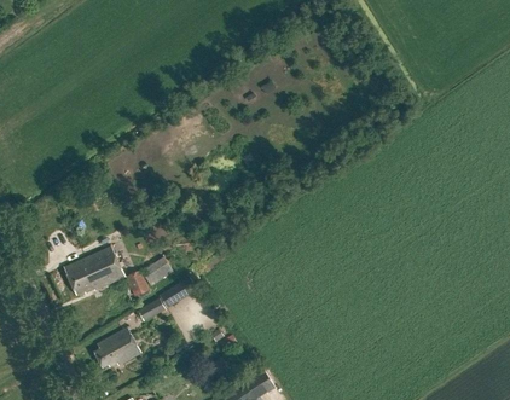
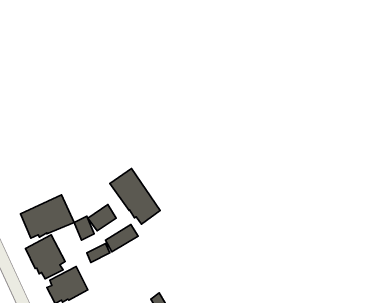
building: none -> [110,169,160,224]
building: none -> [26,235,65,279]

